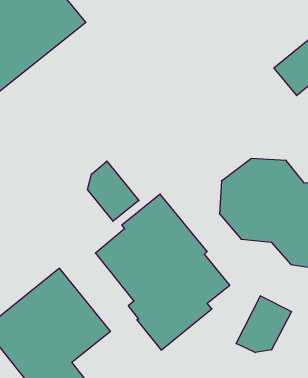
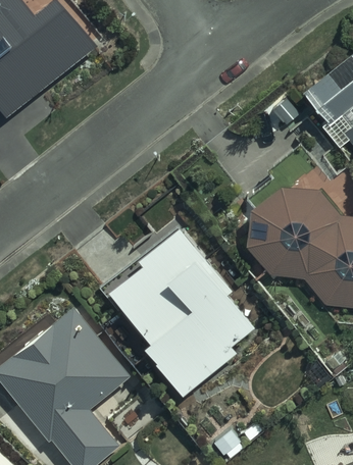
building: [87,161,139,221] -> none
building: [236,296,291,353] -> none

